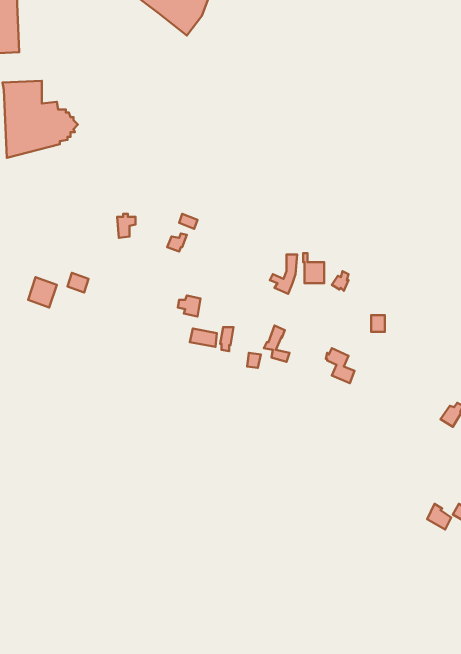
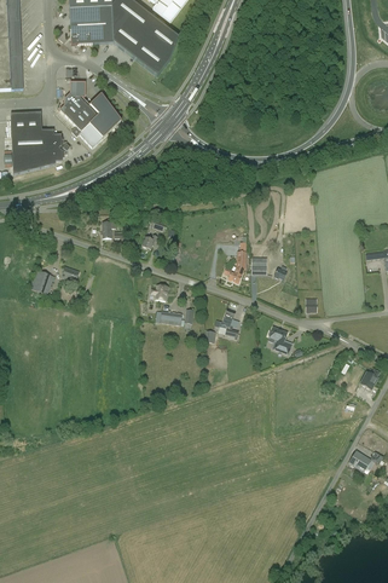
building: none -> [64,81,122,148]

